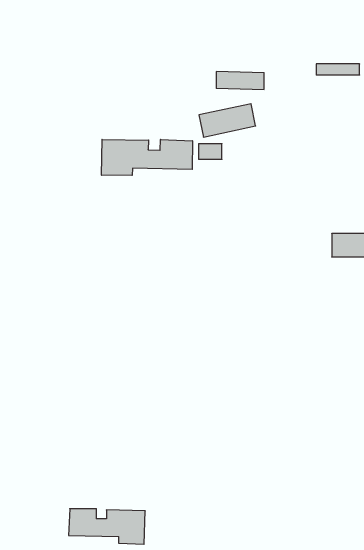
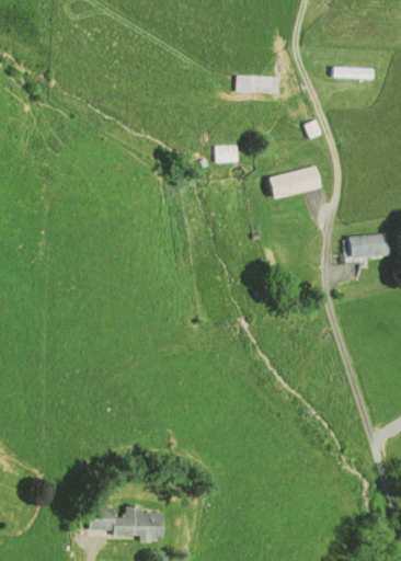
building: [199,104,256,137] -> [266,167,322,199]
building: [102,139,192,175] -> none

